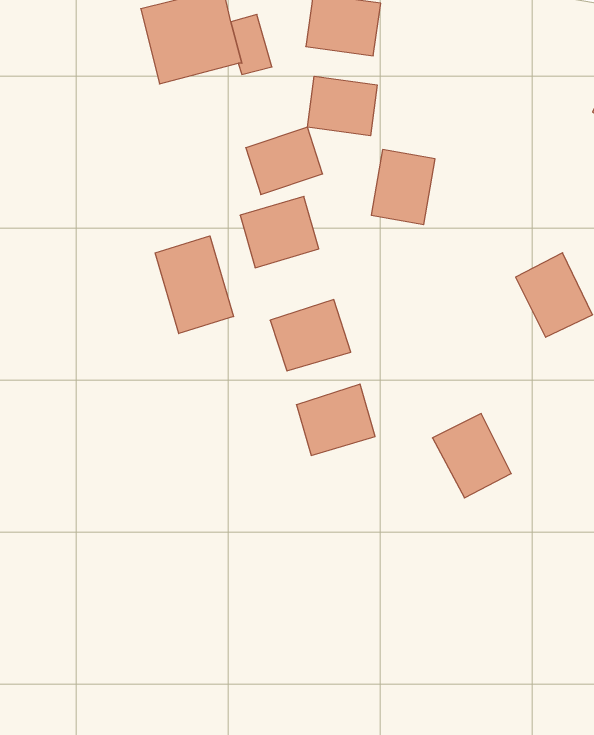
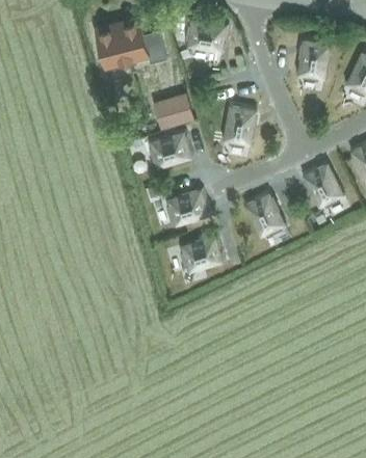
building: none -> [295,38,332,81]
building: [308,76,377,136] -> none
building: [155,236,234,334] -> none
building: [432,414,511,498] -> [242,192,286,239]

